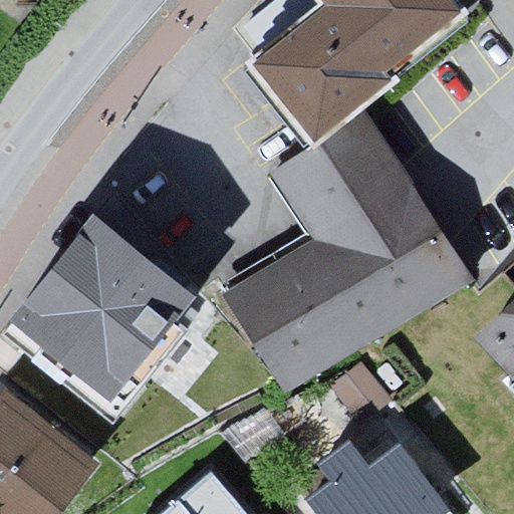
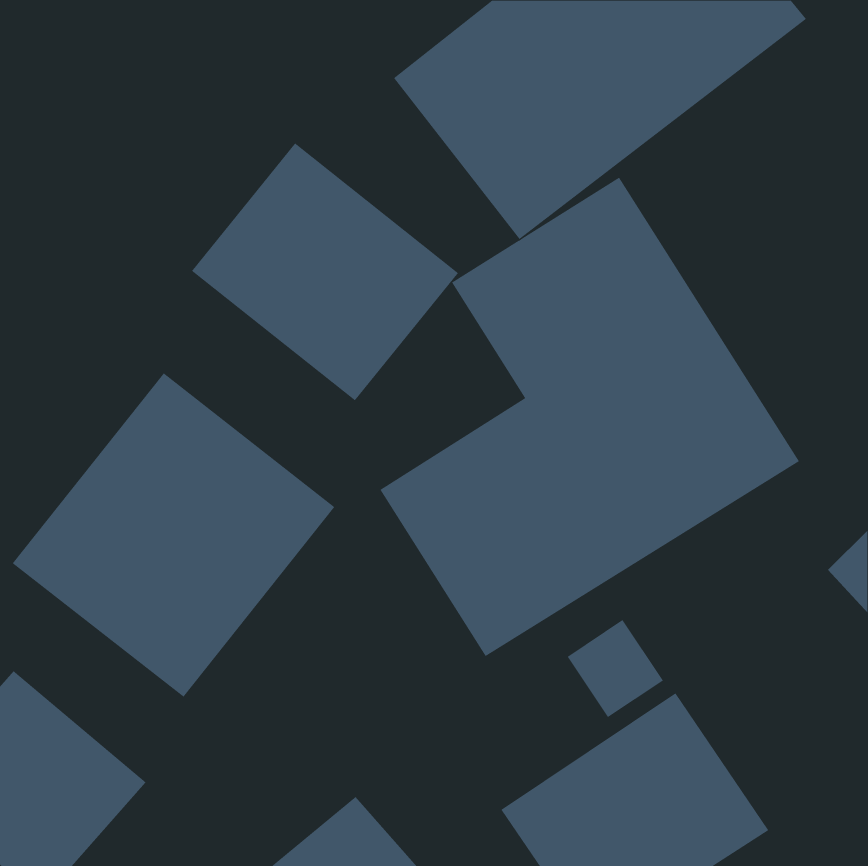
building: none -> [191,143,459,401]

